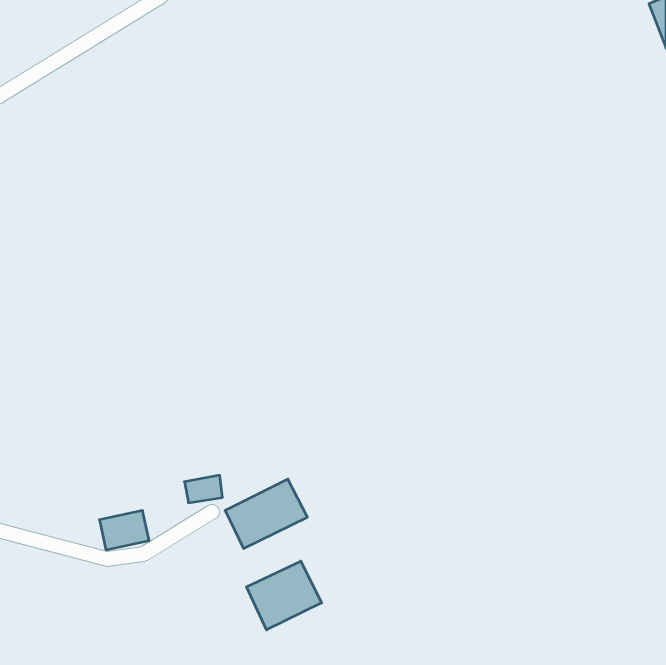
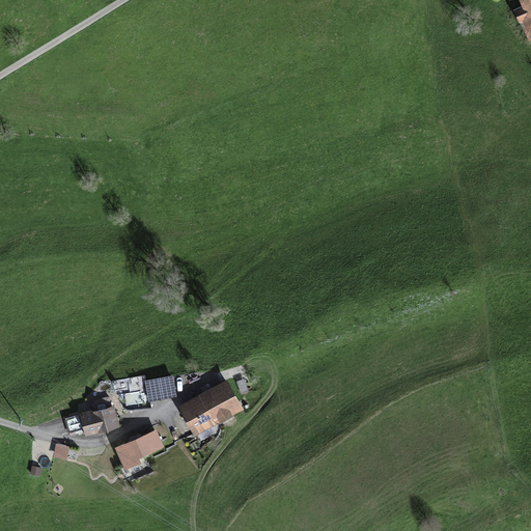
building: none -> [115,429,163,470]
building: [246,561,322,630] -> none

